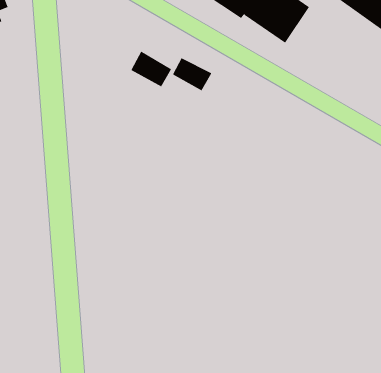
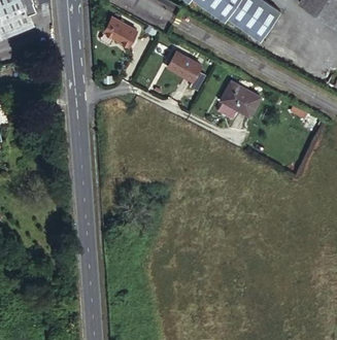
building: [131,51,172,87] -> [103,18,136,46]
building: none -> [218,80,258,114]

